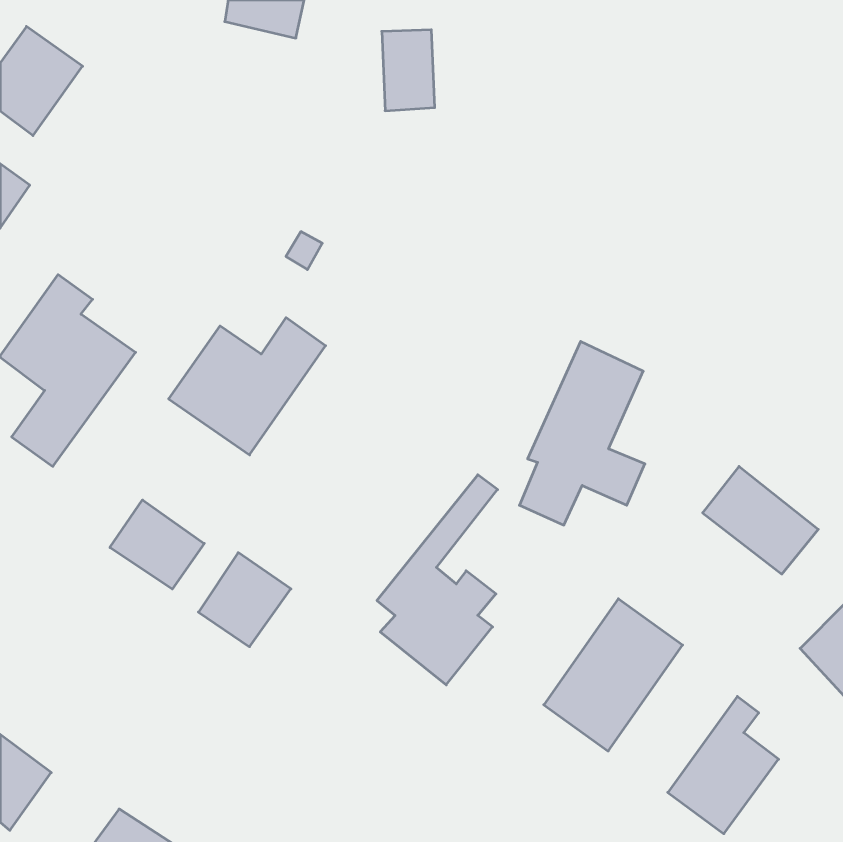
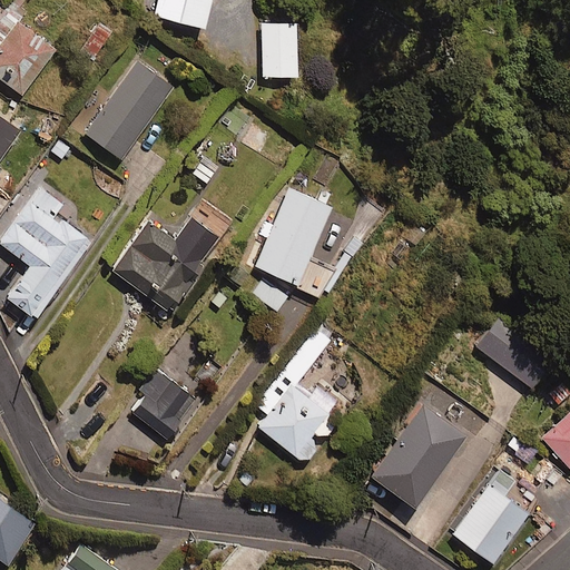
building: none -> [82,58,174,158]
building: [519,341,645,525] -> [249,186,334,309]
building: [110,500,204,589] -> none

